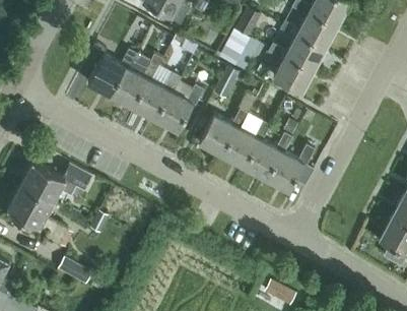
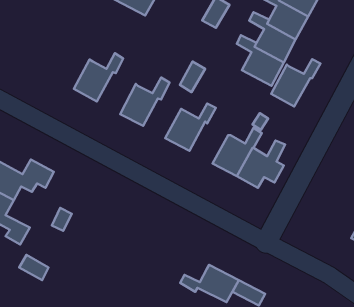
building: [219,29,250,66] -> none
building: [83,44,136,96] -> none
building: [133,73,181,120] -> none
building: [222,122,270,168] -> [271,59,321,106]
building: none -> [180,265,239,302]

